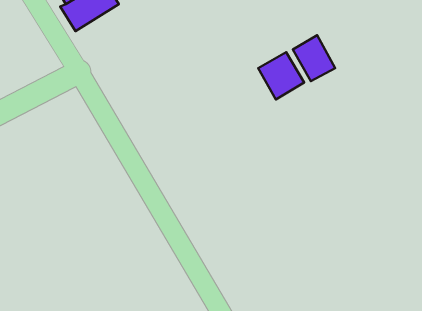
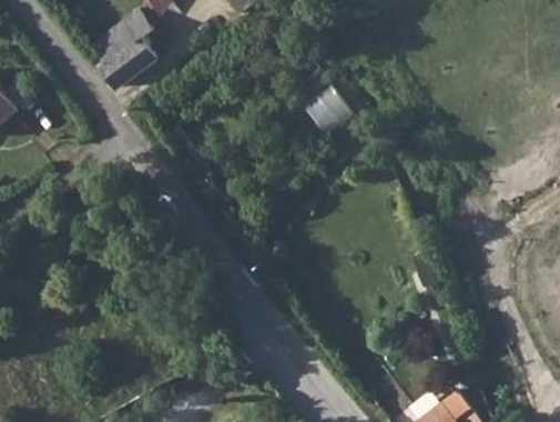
building: [293,35,335,81] -> none

